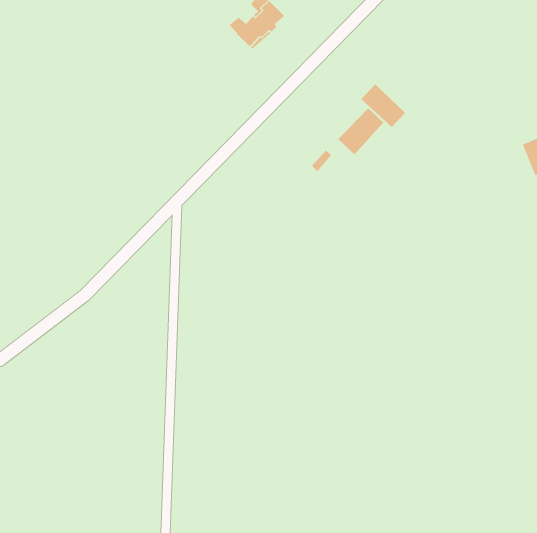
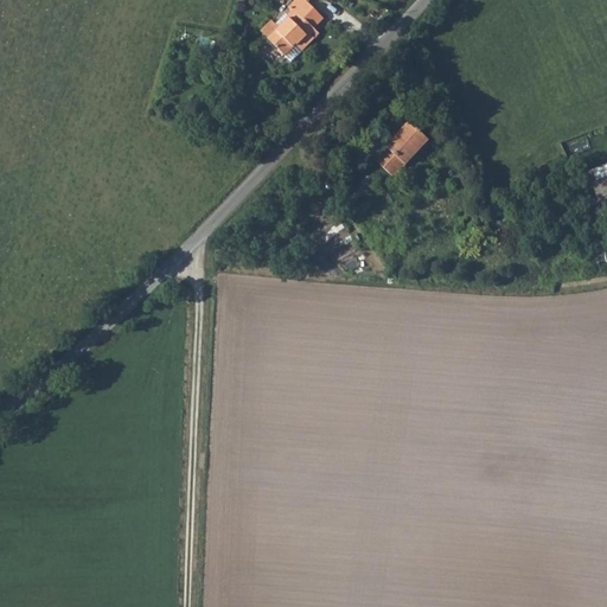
building: [361,83,406,128] -> none

